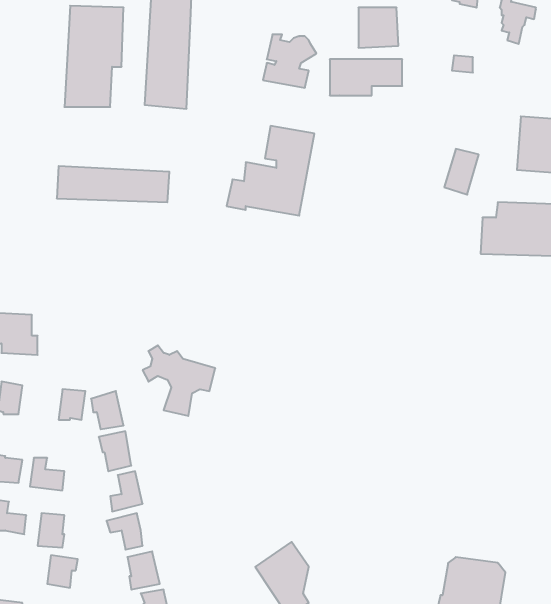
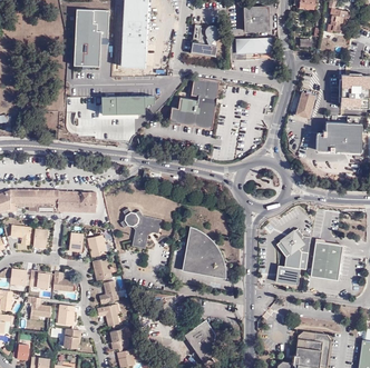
building: none -> [58,190,98,211]
building: none -> [183,228,226,279]
building: none -> [276,228,311,287]
building: none -> [311,242,343,280]

